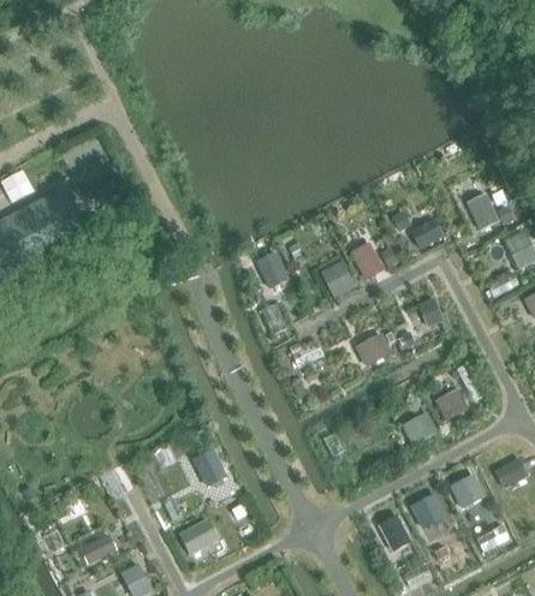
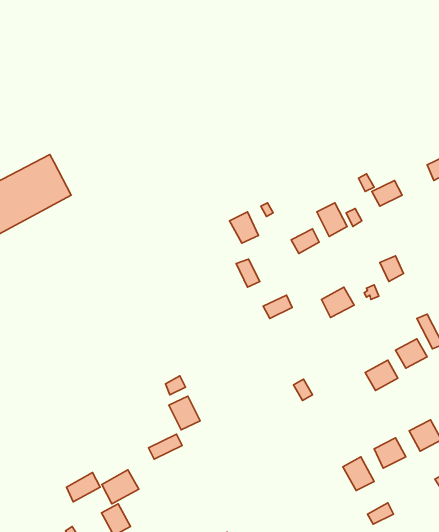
building: [183,519,222,555] -> [102,470,139,504]

